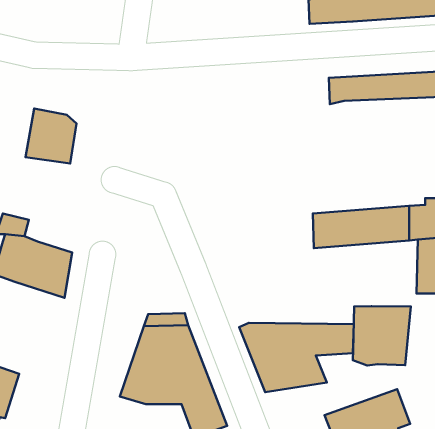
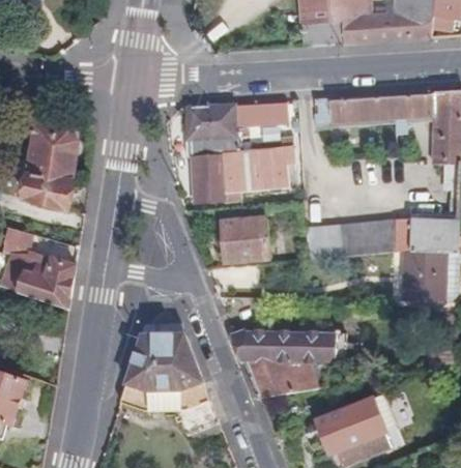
building: none -> [182,99,291,201]
building: none -> [25,173,71,207]
building: none -> [220,218,267,261]
building: [353,306,411,365] -> none

